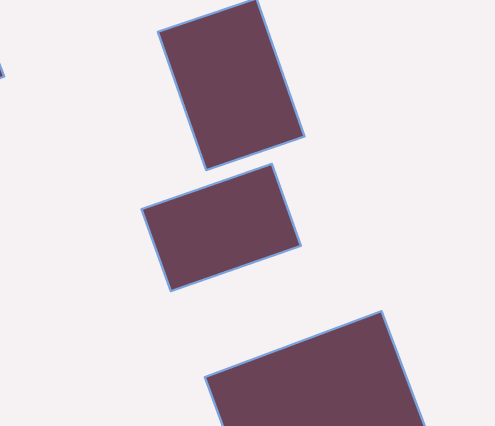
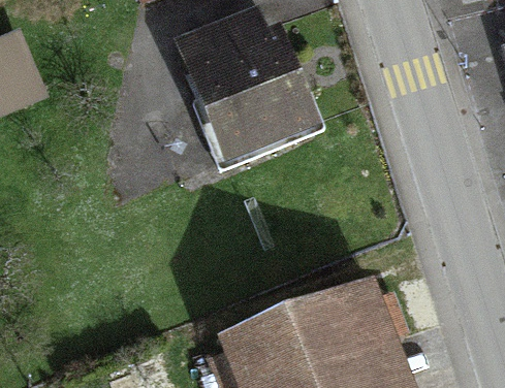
building: [142,164,301,291] -> none

